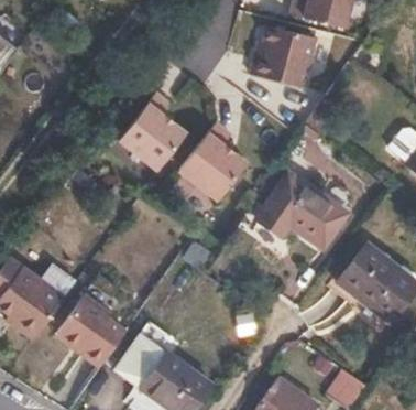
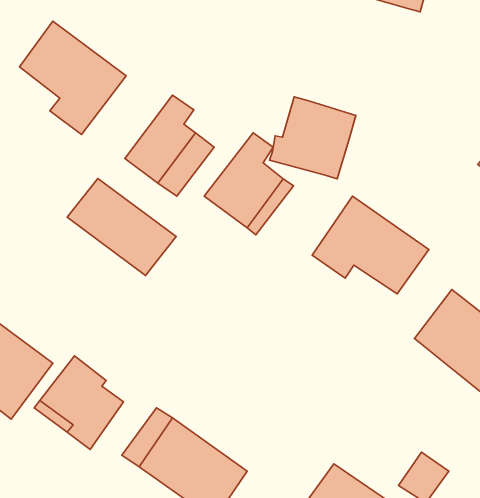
building: [250,26,316,89] -> [270,97,356,179]
building: none -> [19,21,126,135]
building: none -> [67,178,176,275]

